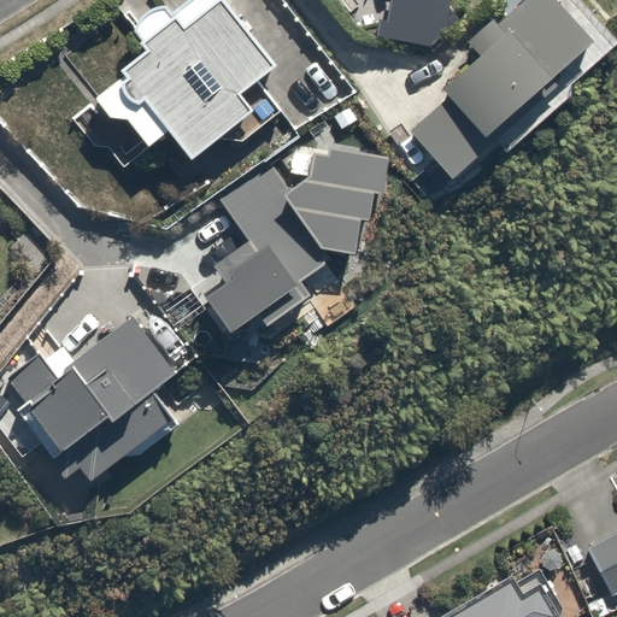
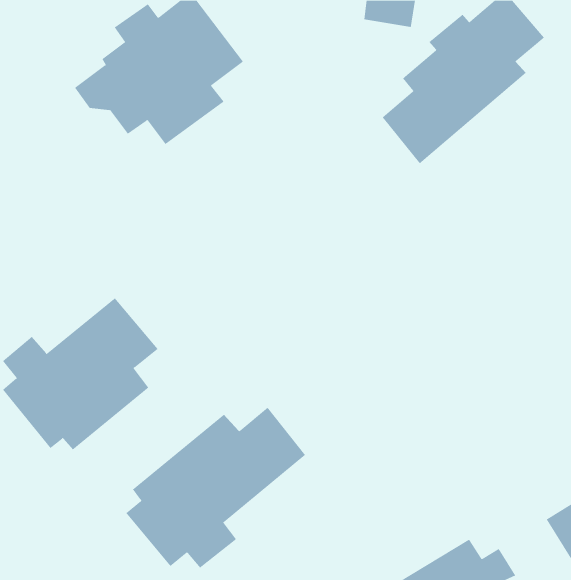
building: [202,149,395,343] -> none
building: none -> [125,407,306,569]

